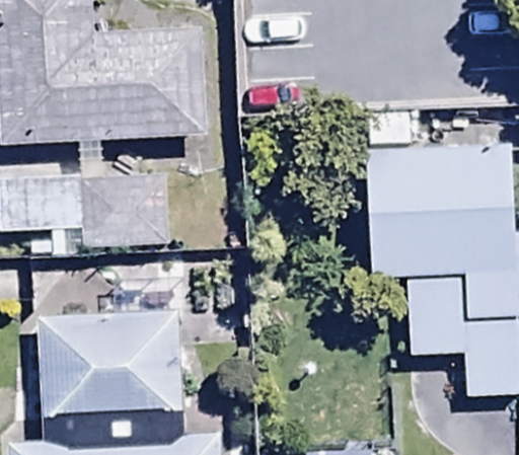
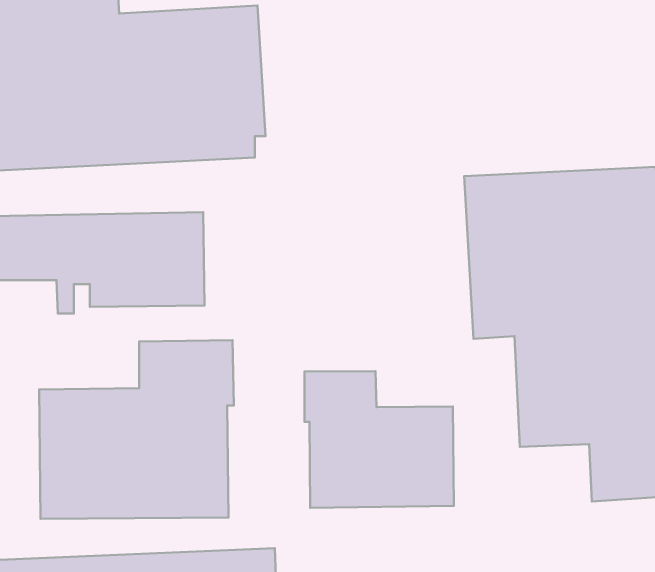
building: none -> [304,371,454,508]

